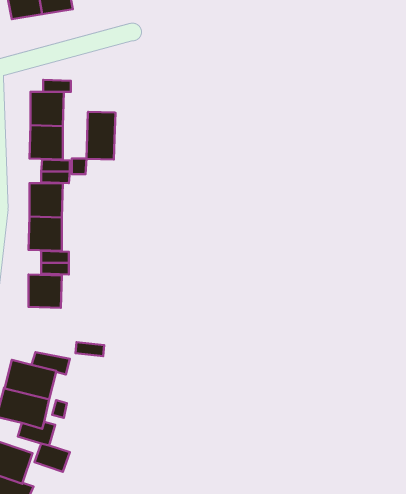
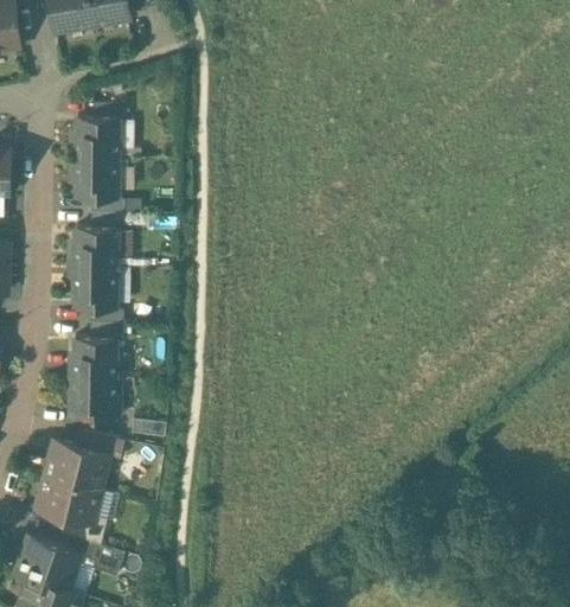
building: [86,112,115,160] -> none
building: none -> [66,377,117,418]

